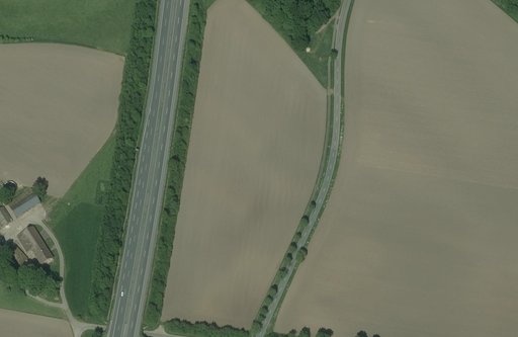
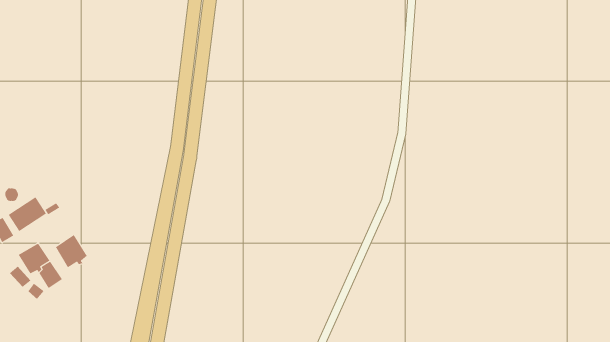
building: none -> [55,234,88,268]

